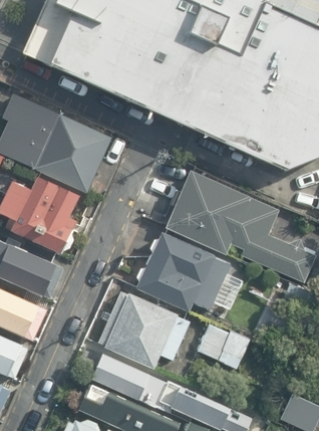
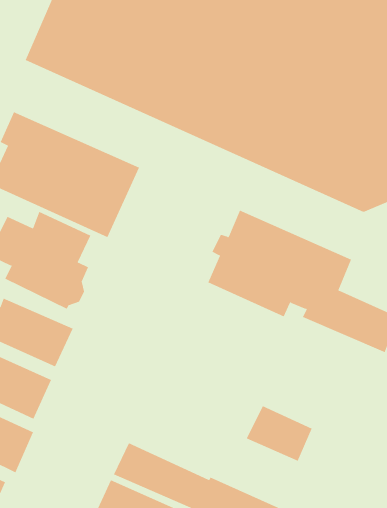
building: [136,233,244,313] -> none
building: [98,292,191,371] -> none

